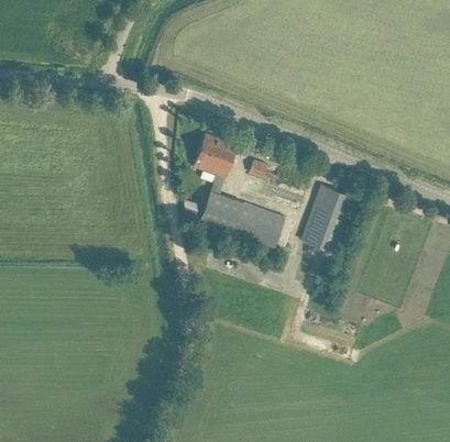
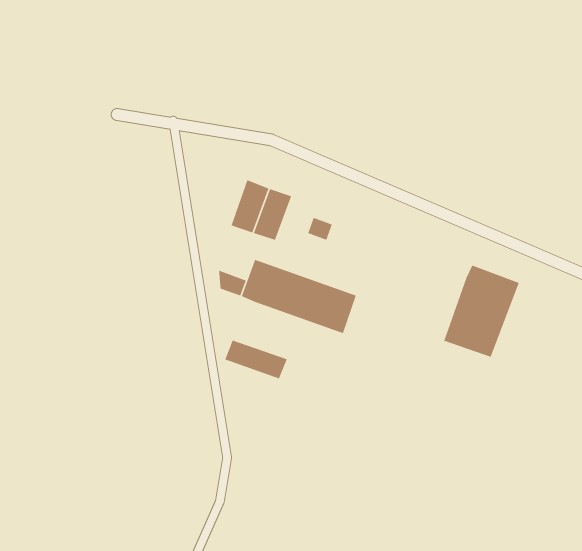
building: [300,185,356,253] -> [443,264,520,358]
building: none -> [224,339,288,379]

